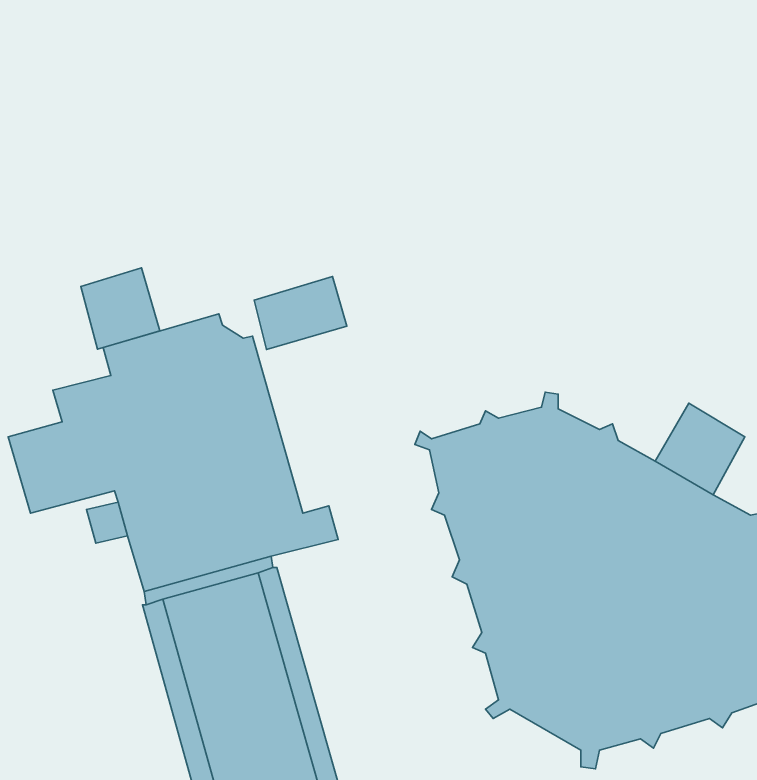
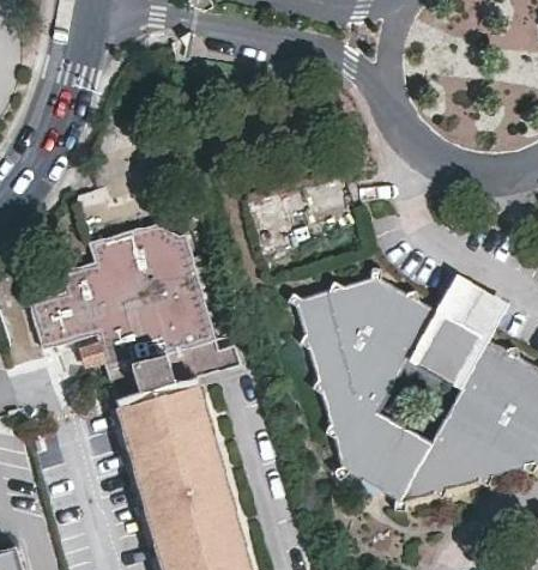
building: [81,268,160,349] -> none
building: [254,277,347,349] -> none

